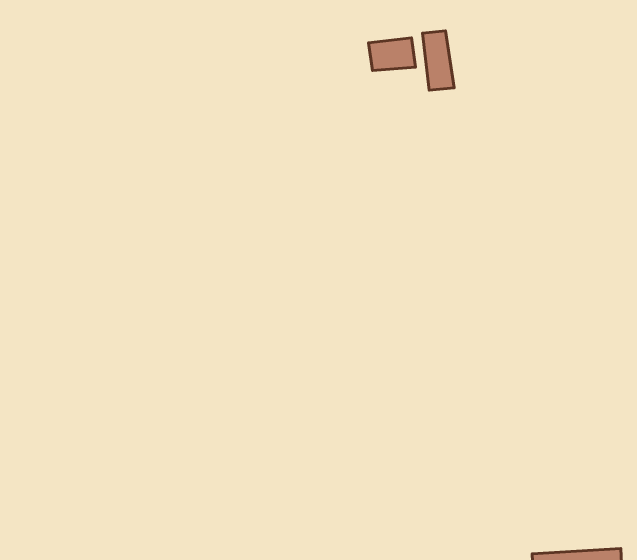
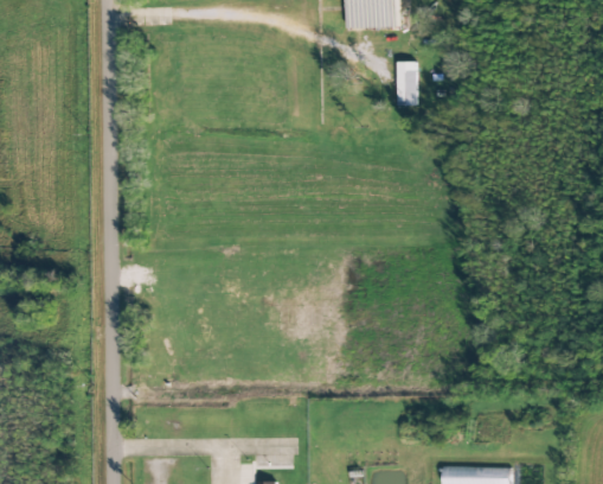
building: [369,38,416,71] -> none

